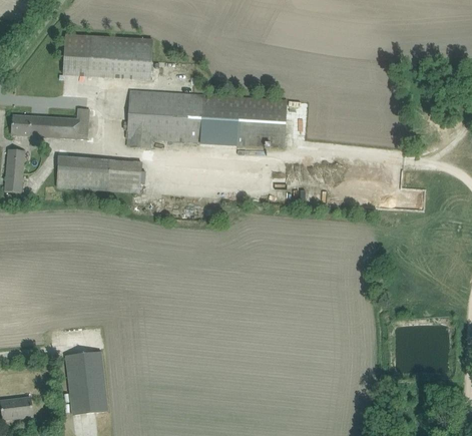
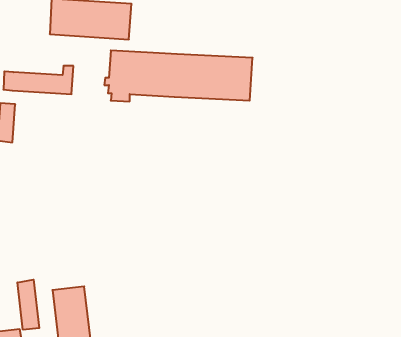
building: [56,155,141,192] -> none
building: none -> [17,280,39,330]

